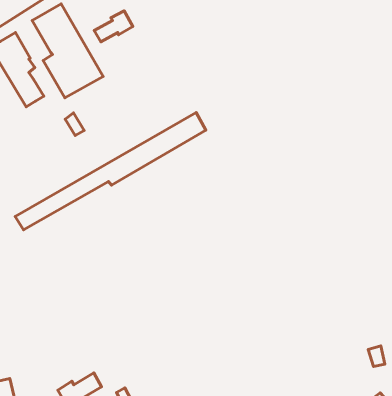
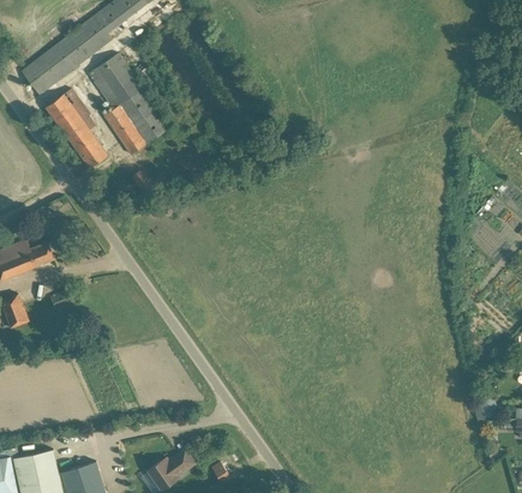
building: [94,11,133,42] -> none
building: [15,112,206,230] -> none

